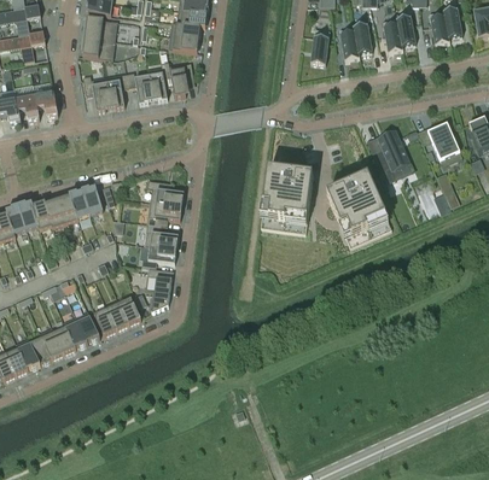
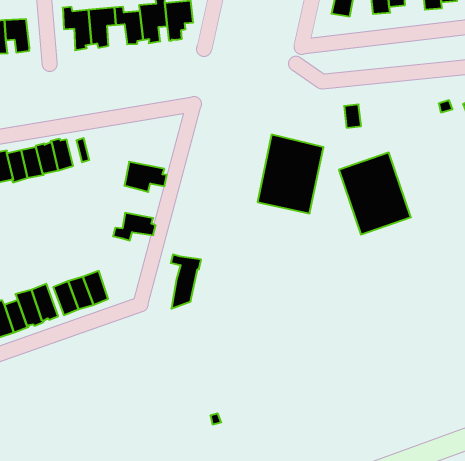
building: [372,133,408,188] -> none
building: [146,180,184,206] -> none
building: [144,223,177,248] -> none
building: [147,268,173,314] -> [171,254,201,309]

